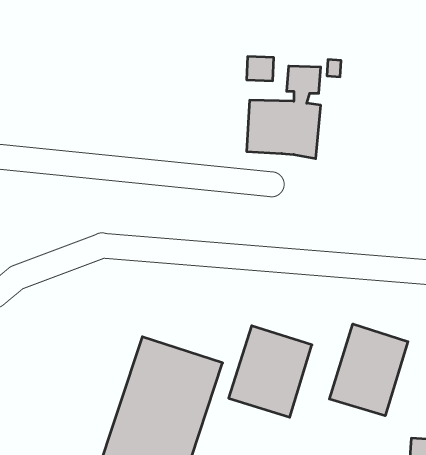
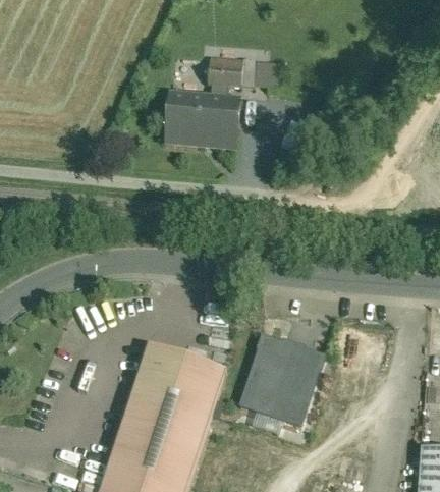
building: [247,66,321,159] -> [166,57,241,151]
building: [329,324,408,416] -> none

